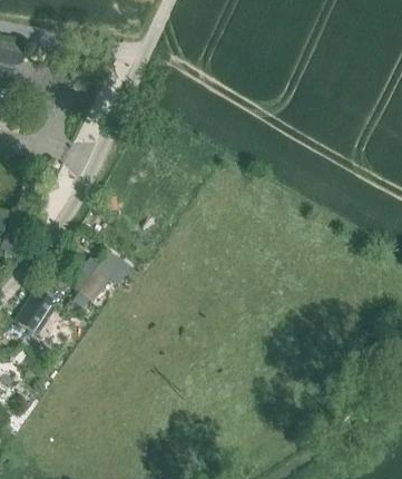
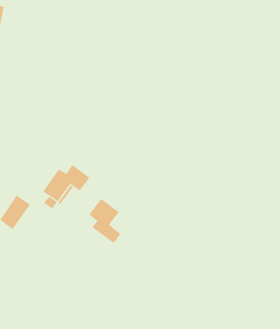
building: none -> [89,198,121,244]

